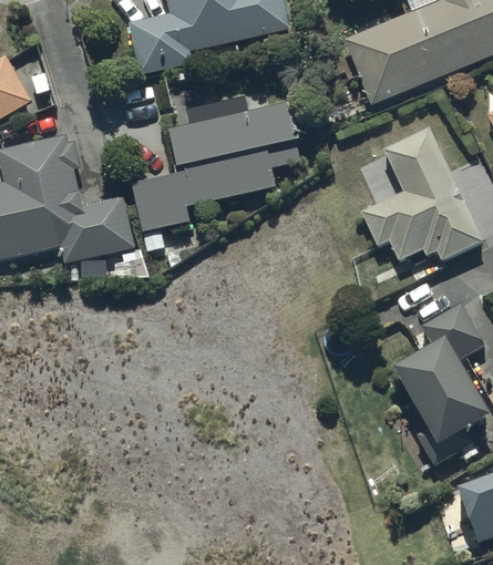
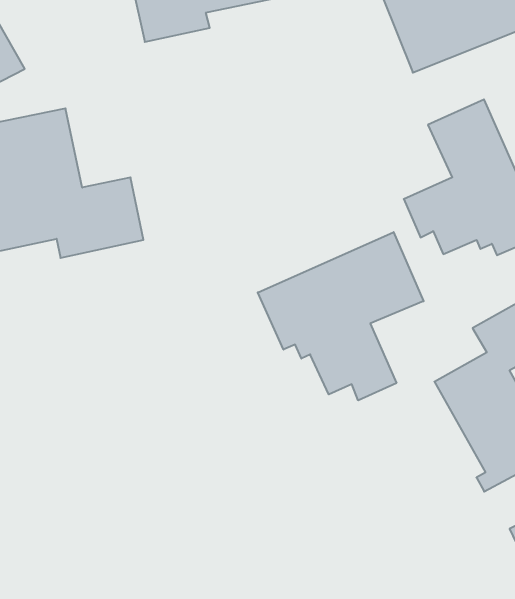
building: [130,96,301,233] -> none
building: none -> [258,232,424,400]

